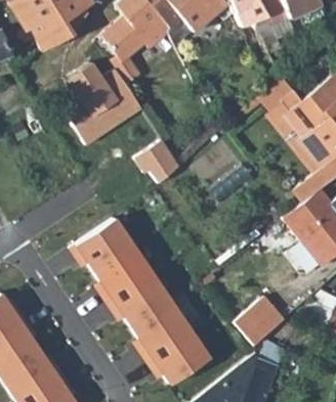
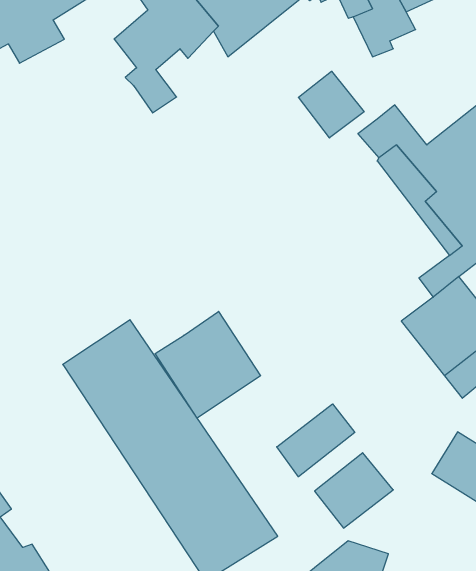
building: none -> [298,71,364,138]
building: [59,59,142,146] -> none
building: [134,138,178,181] -> none
building: none -> [155,311,261,418]
building: none -> [277,404,355,477]

